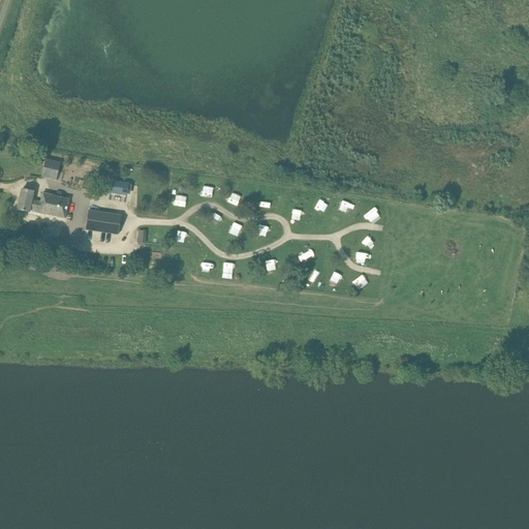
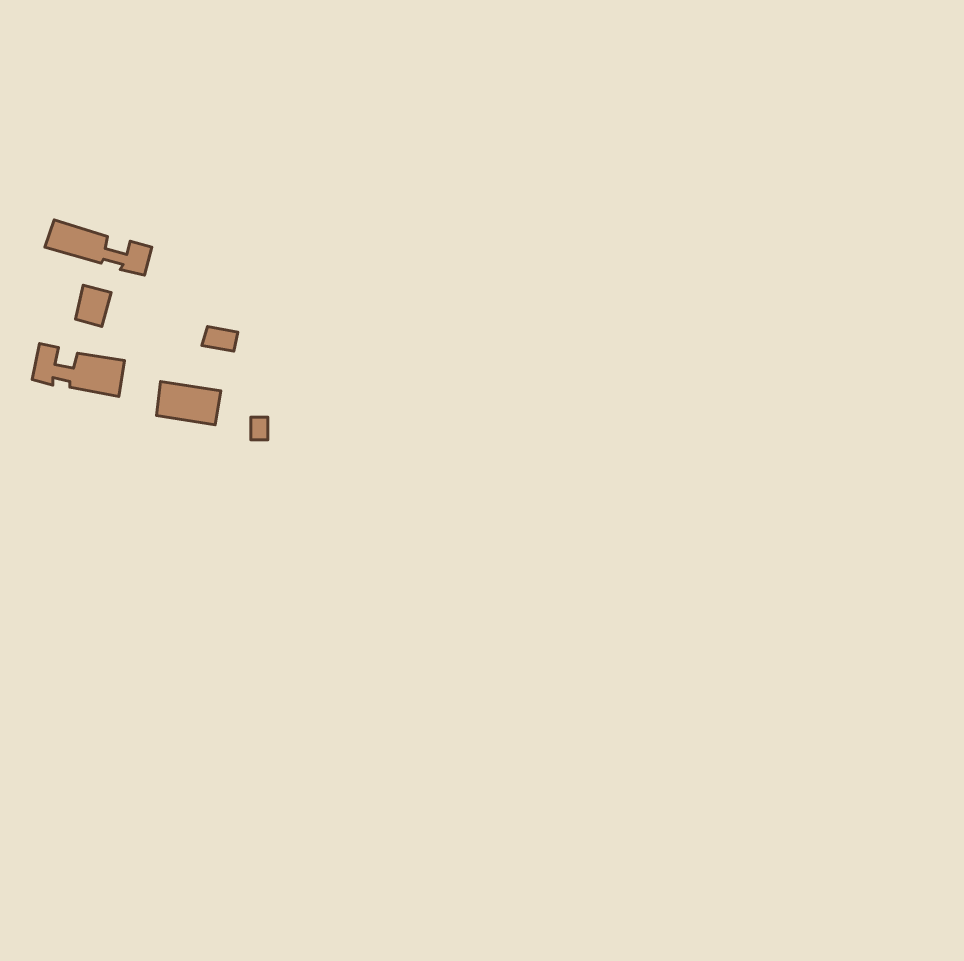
building: none -> [45,220,152,275]

